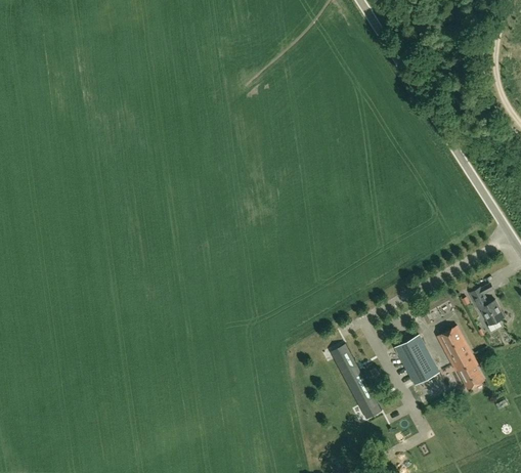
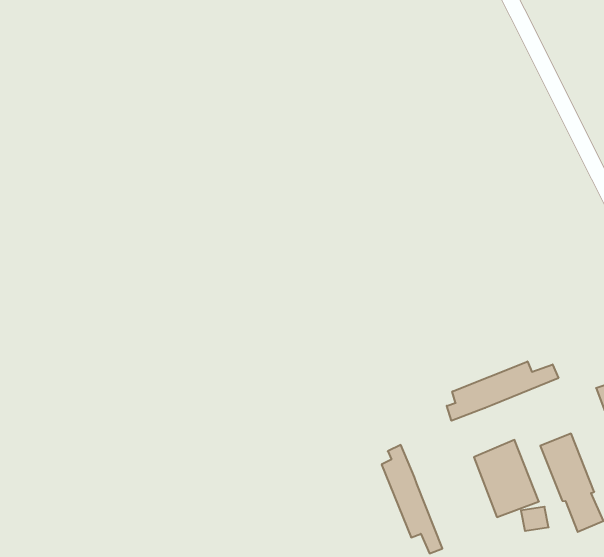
building: none -> [447,361,558,421]

